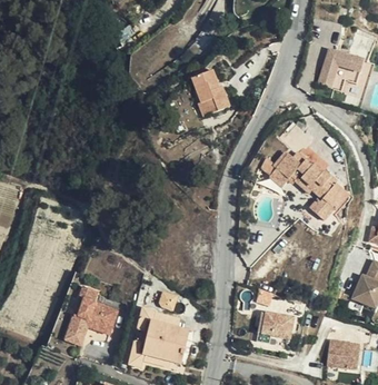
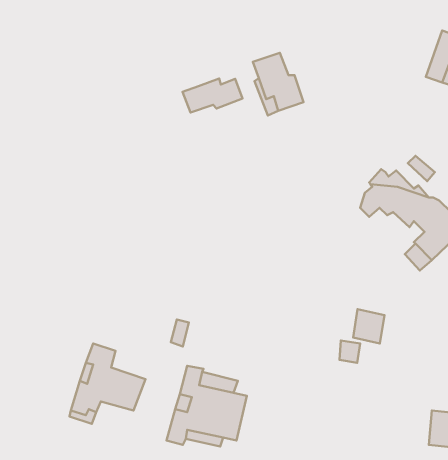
building: none -> [182,79,242,112]
building: [262,308,286,334] -> [353,309,384,343]

